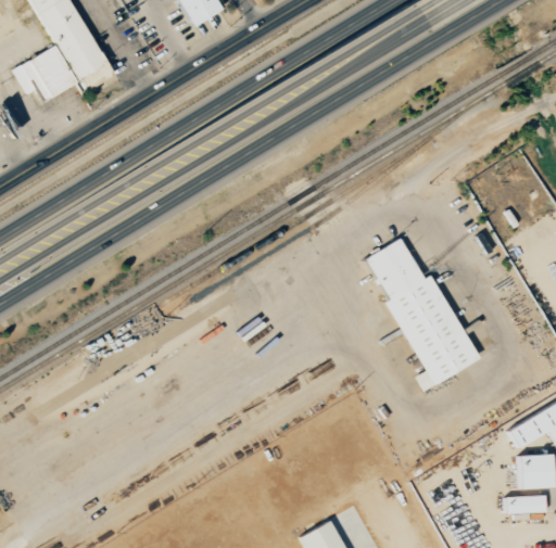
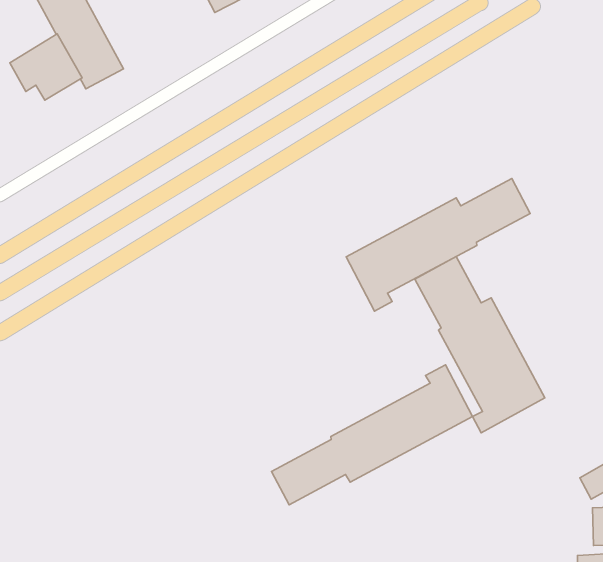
building: none -> [346,179,530,311]
building: none -> [271,365,472,505]

